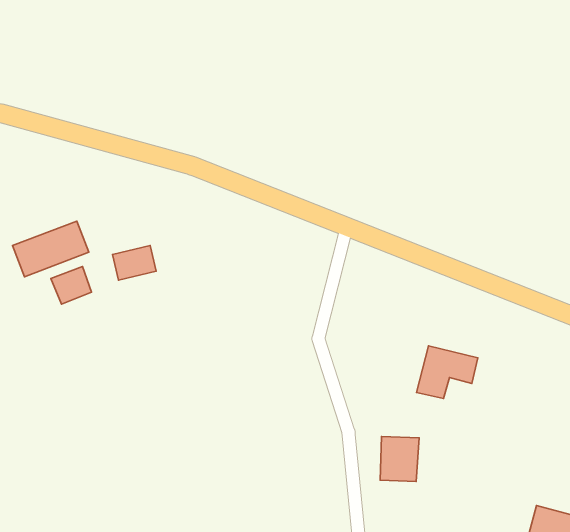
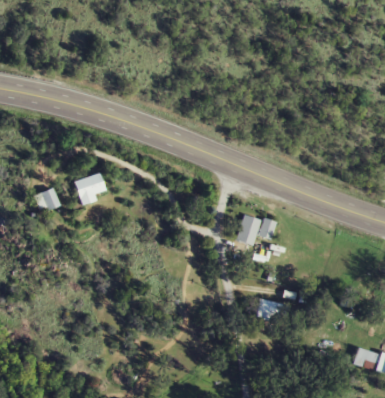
building: [13,221,89,277] -> none
building: [416,346,478,398] -> [234,213,275,248]

